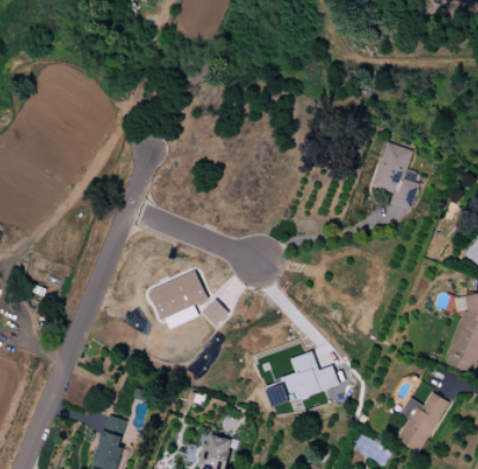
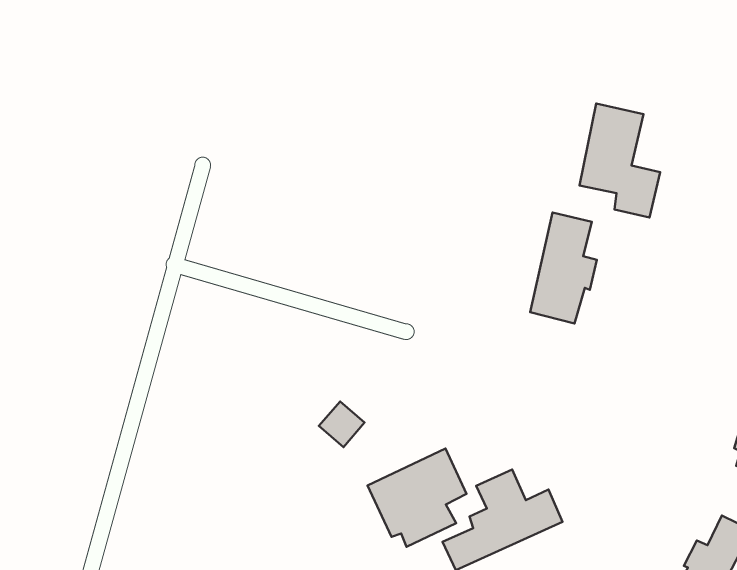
building: none -> [530,212,597,324]
building: [148,271,206,327] -> [367,448,467,547]

